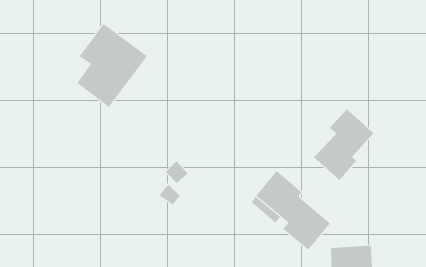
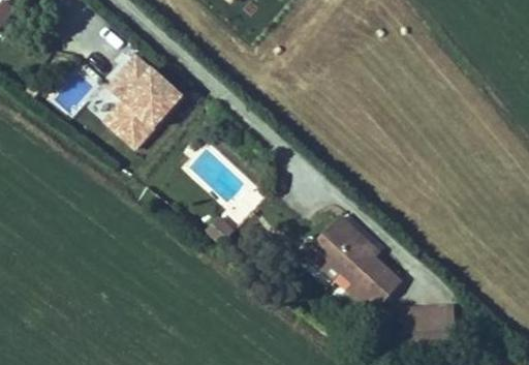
building: [313,109,374,181] -> none

